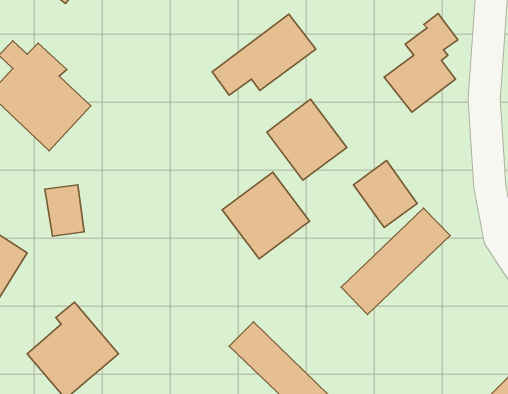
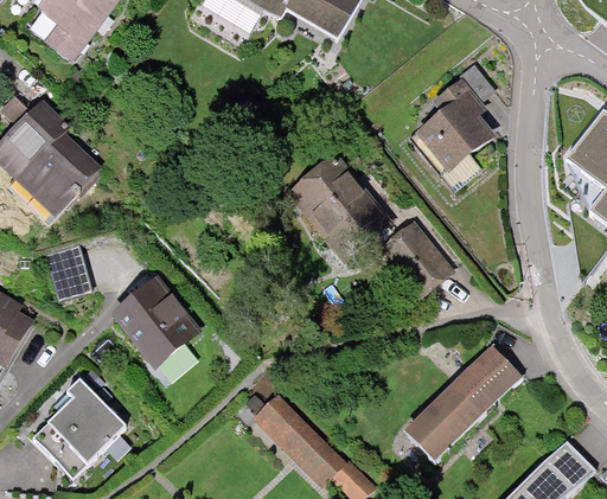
building: [212,14,316,95] -> none
building: [222,172,310,259] -> none
building: [341,208,450,315] -> [401,350,518,465]
building: none -> [114,279,203,367]

